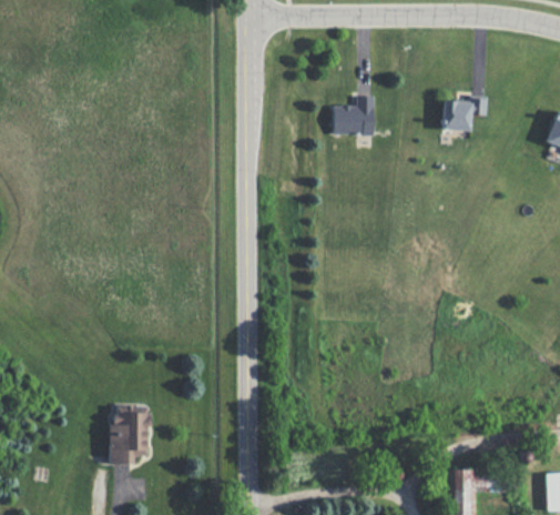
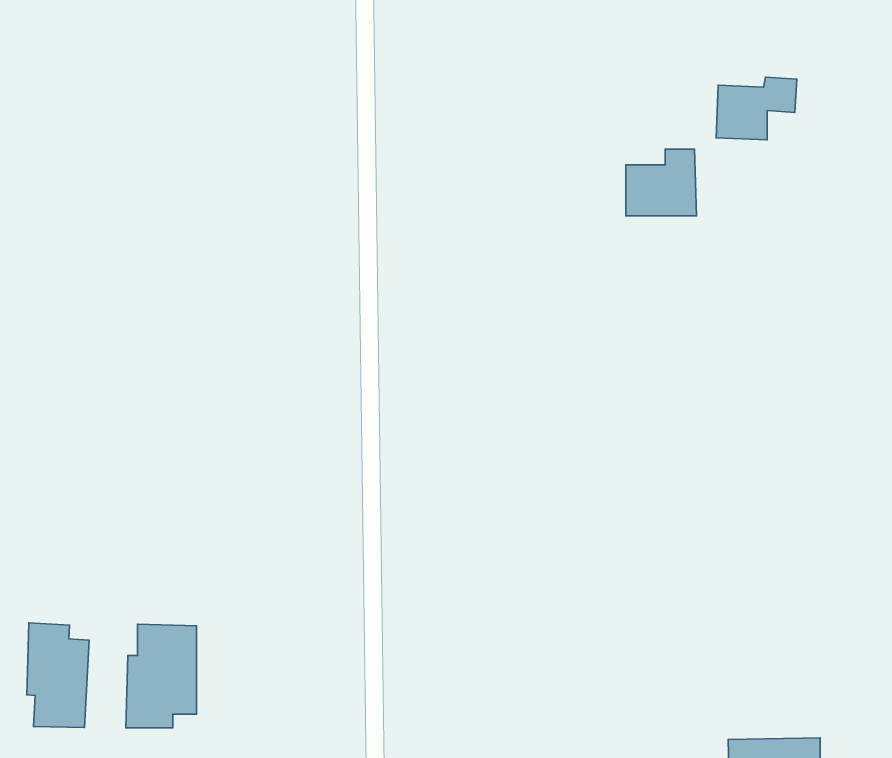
building: [334,97,374,134] -> [626,149,696,216]
building: none -> [27,623,89,727]

